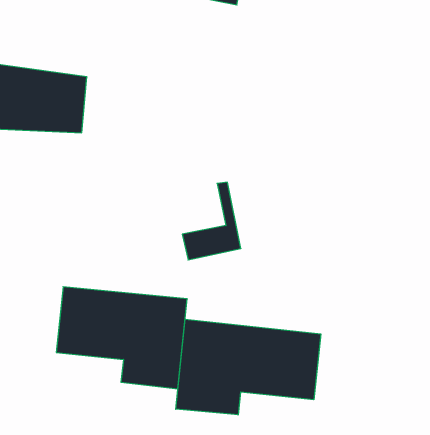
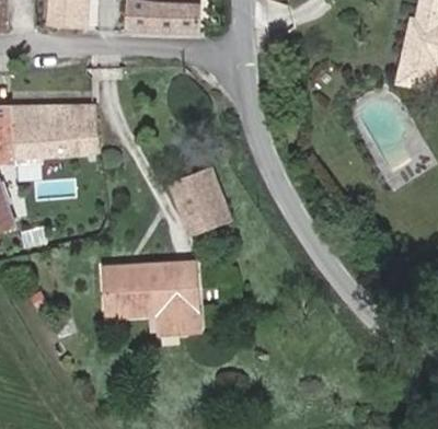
building: none -> [175,170,218,212]
building: [176,319,321,415] -> none

